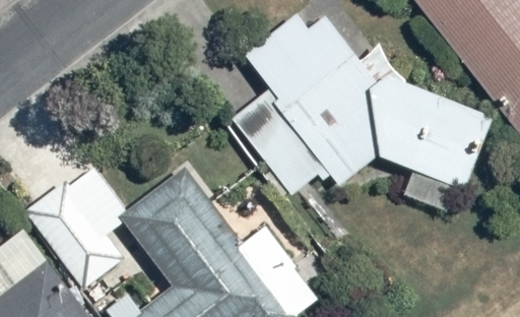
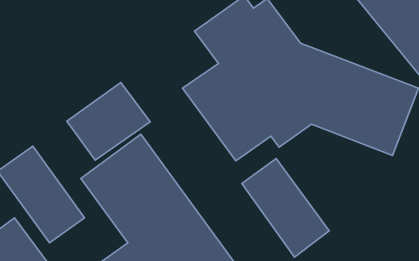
building: none -> [67,82,150,160]
building: none -> [242,158,329,257]

